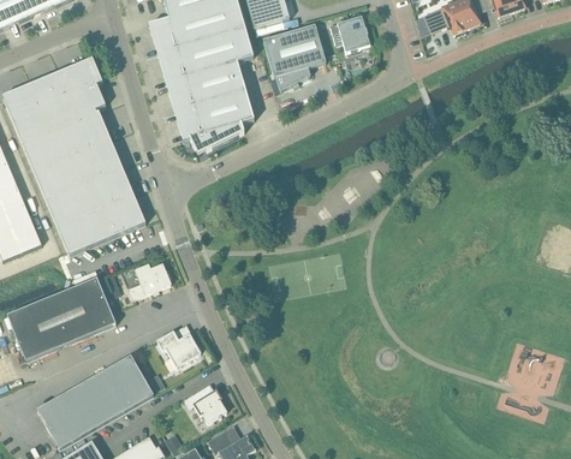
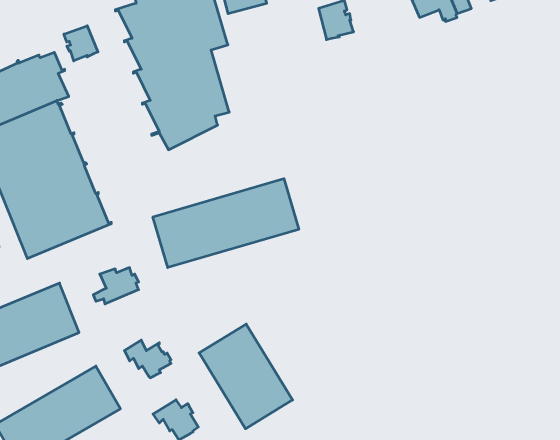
building: [263,25,326,90] -> none
building: none -> [64,26,98,61]
building: none -> [153,179,299,268]
building: none -> [199,324,293,429]

